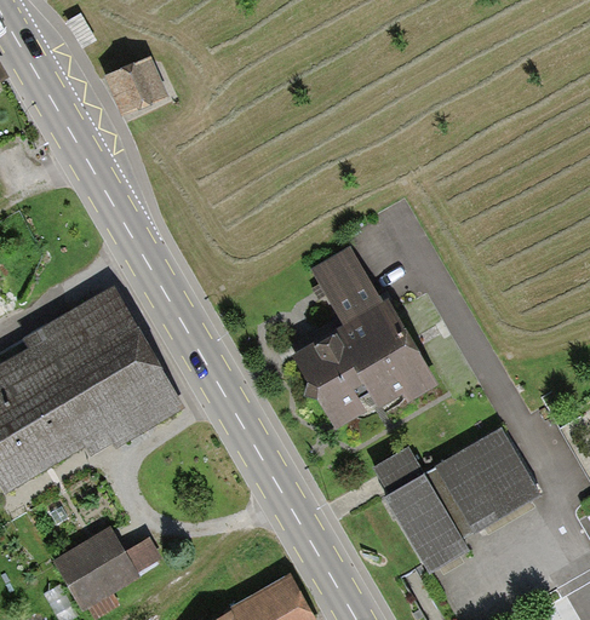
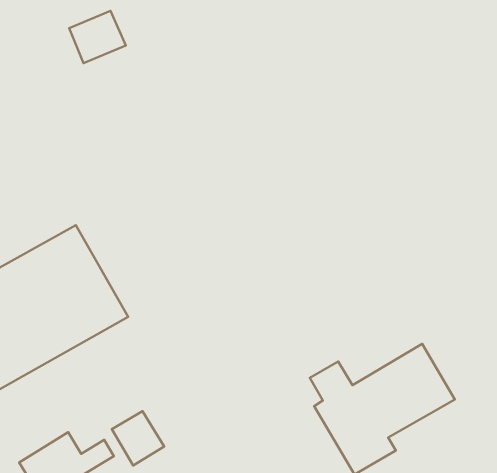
building: [293,252,440,425] -> none
building: none -> [112,411,164,466]

